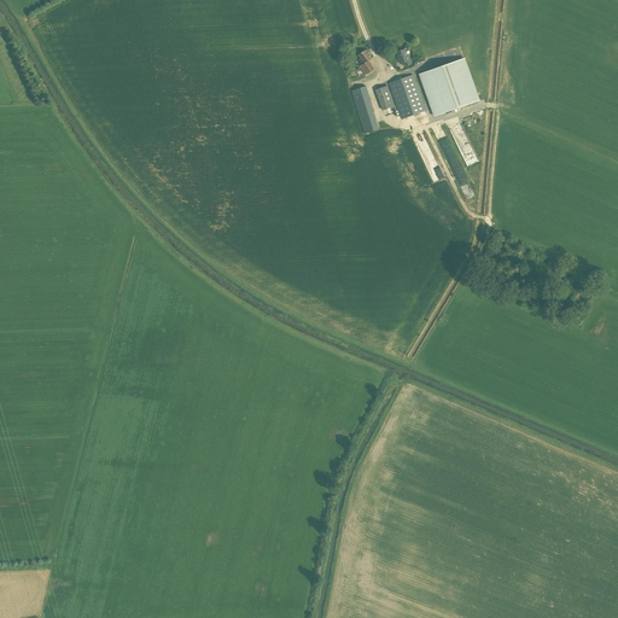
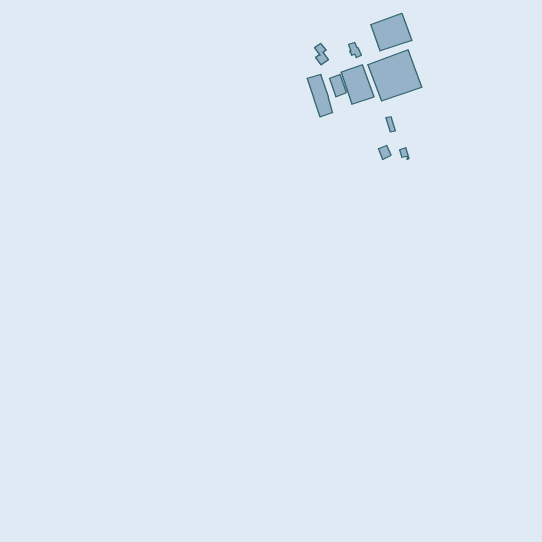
building: none -> [371,13,412,51]

